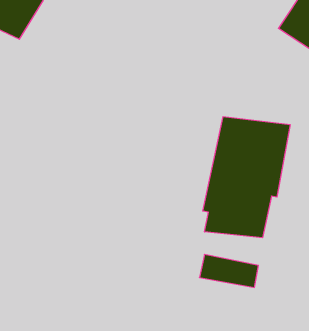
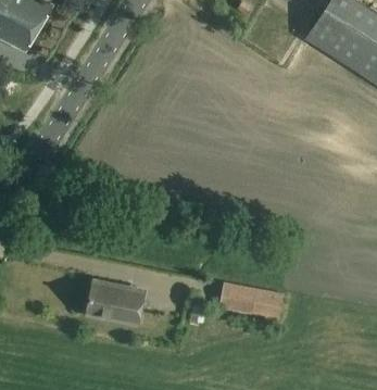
building: [203,117,290,238] -> none
building: none -> [87,281,144,324]

